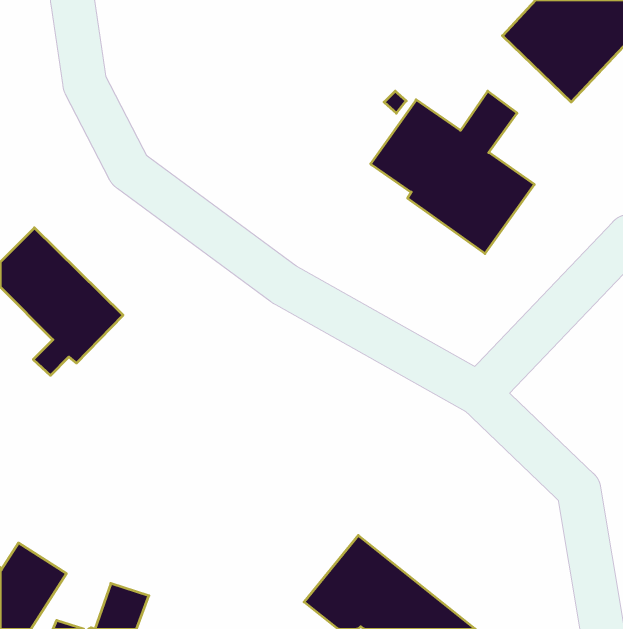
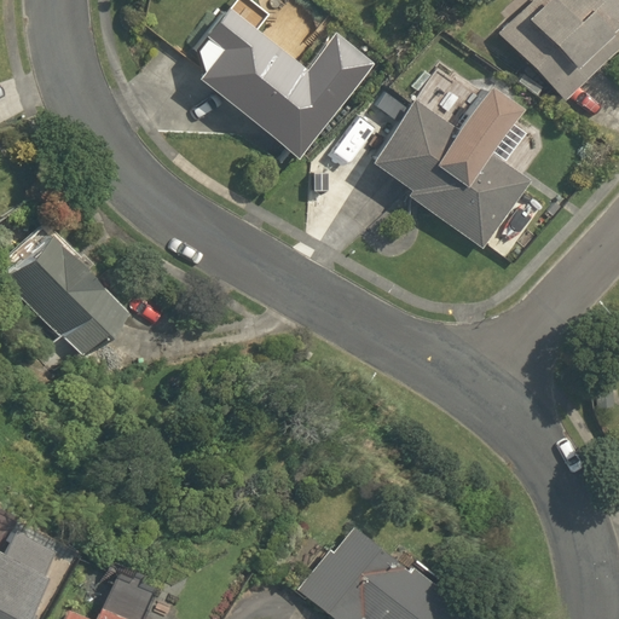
building: none -> [198,6,377,161]

